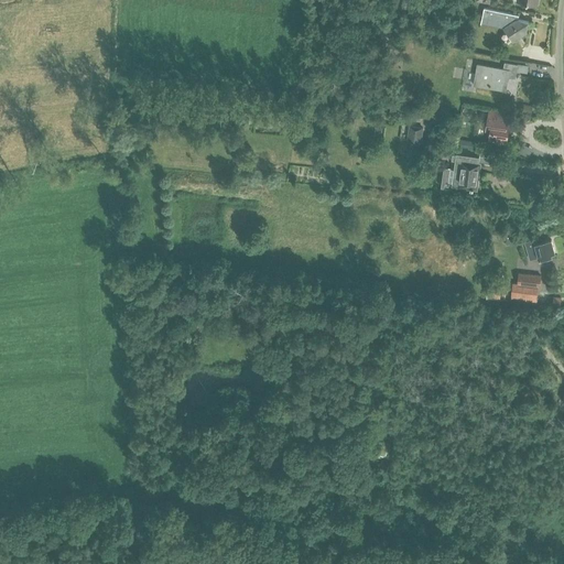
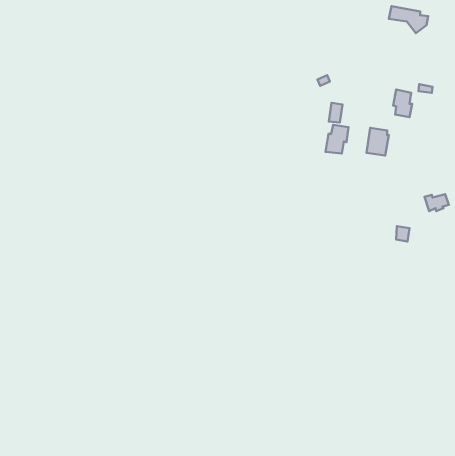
building: [473,63,517,90] -> none
building: none -> [325,125,348,153]
building: [512,275,540,301] -> none

